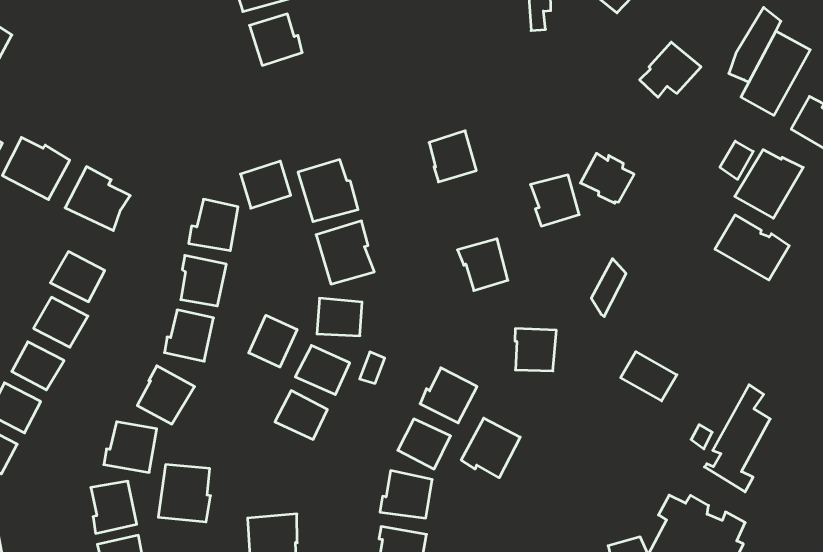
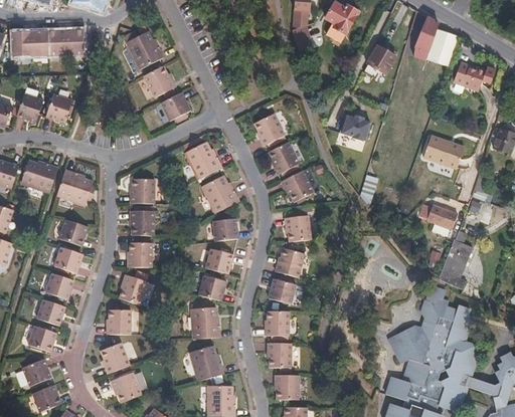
building: none -> [15,92,42,121]
building: none -> [44,93,71,123]
building: [735,150,803,218] -> none
building: [240,161,291,208] -> [160,90,190,120]
building: [530,175,579,226] -> [268,142,298,173]
building: [249,315,297,367] -> none
building: [515,329,556,371] -> [284,216,309,242]
building: [621,352,677,401] -> [424,204,456,229]
building: [461,418,520,478] -> none
building: [158,465,211,522] -> [189,306,217,339]

